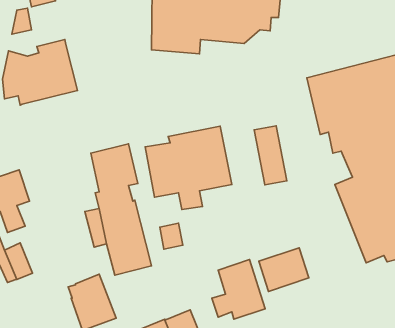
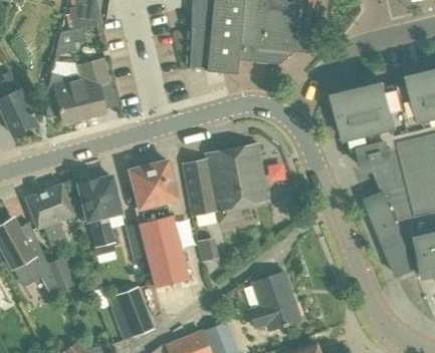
building: [254,126,287,185] -> none
building: none -> [77,175,121,257]
building: [259,248,309,291] -> none

